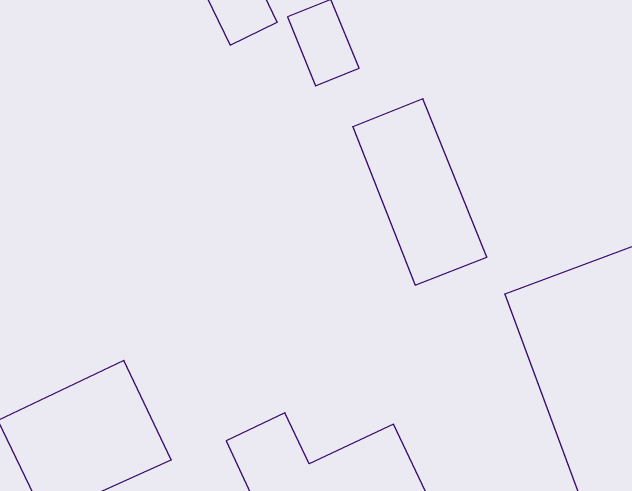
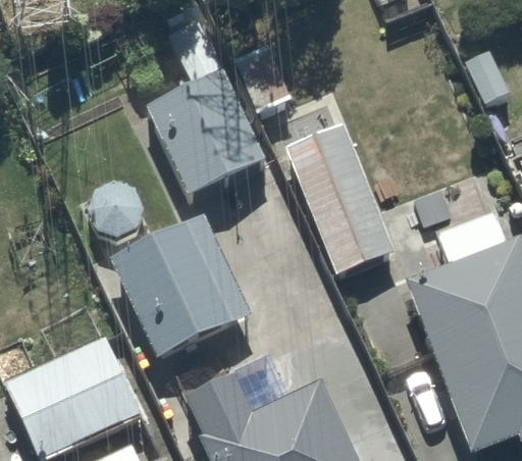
building: none -> [144,68,269,198]
building: none -> [109,213,252,359]

